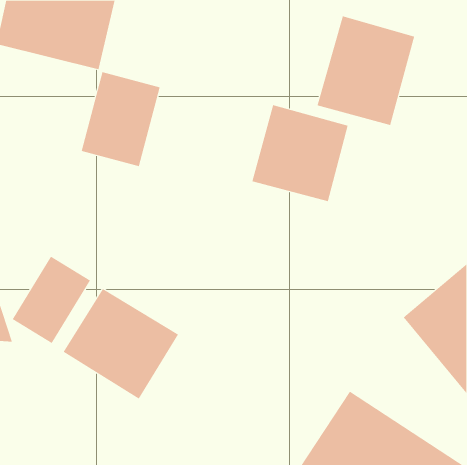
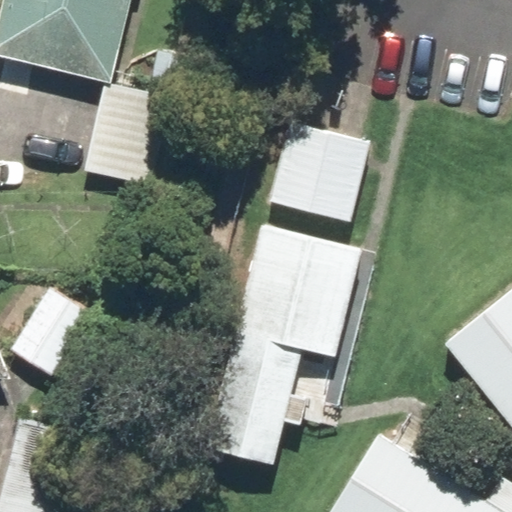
building: [317,15,415,126] -> none
building: none -> [201,229,359,467]
building: [63,288,179,400] -> none

